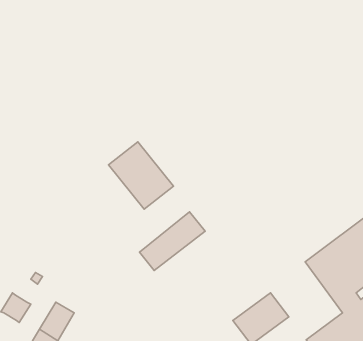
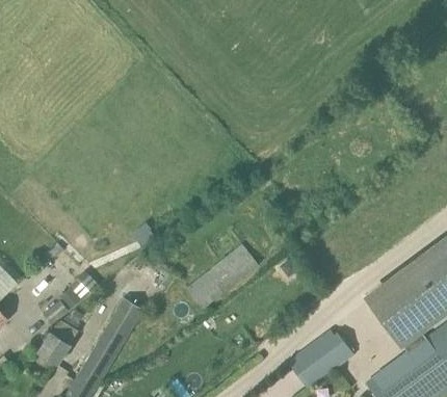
building: [109,142,173,209] -> none
building: none -> [98,297,144,353]

